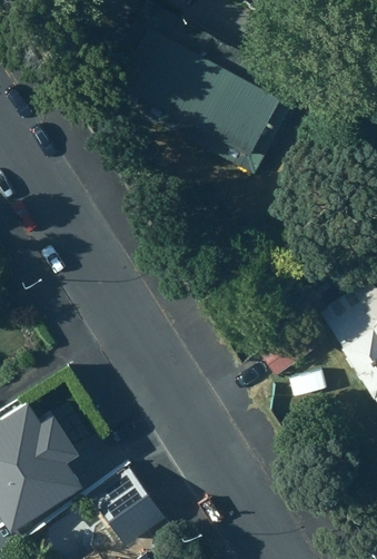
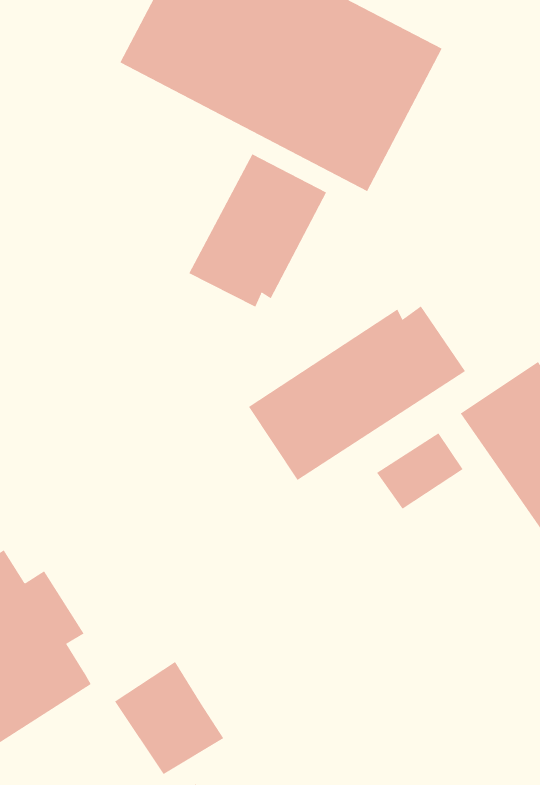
building: none -> [189,153,327,307]
building: none -> [248,306,466,481]

